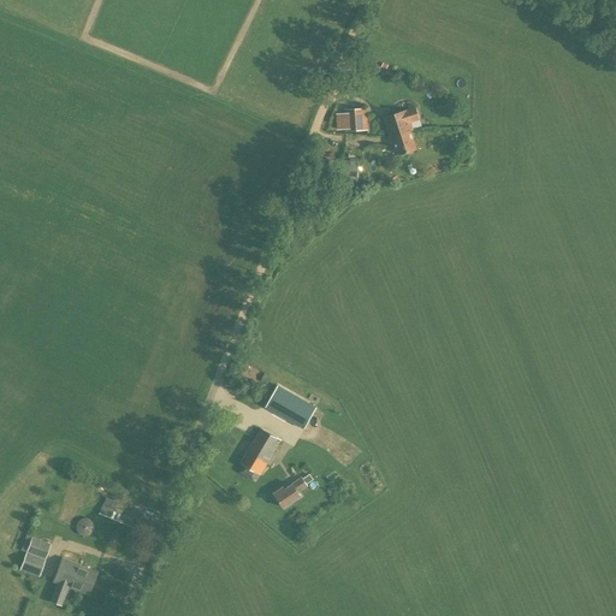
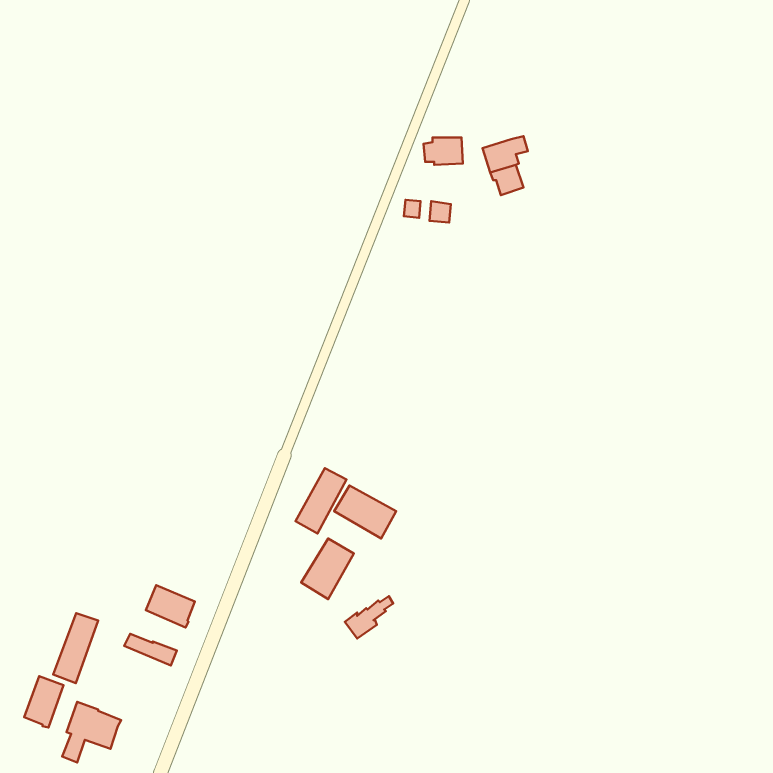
building: none -> [295,468,347,533]
building: none -> [146,585,195,627]
building: none -> [53,613,98,683]

